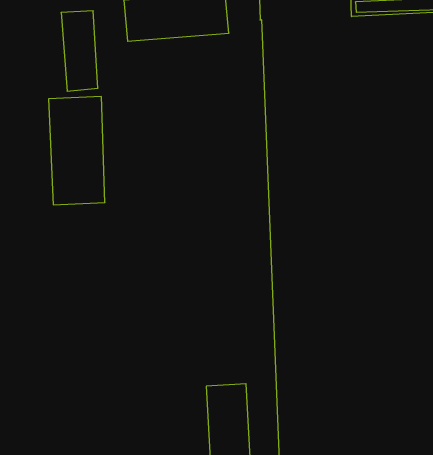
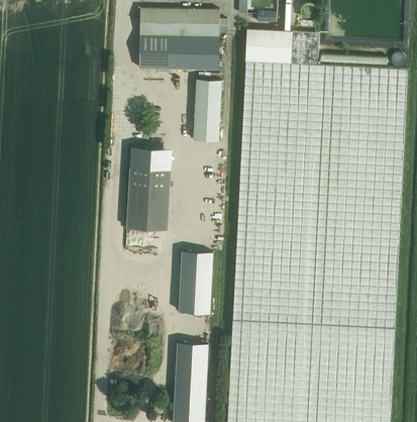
building: [61,11,98,91] -> [197,78,223,139]
building: [49,97,105,205] -> [127,147,173,232]
building: none -> [179,251,213,314]

